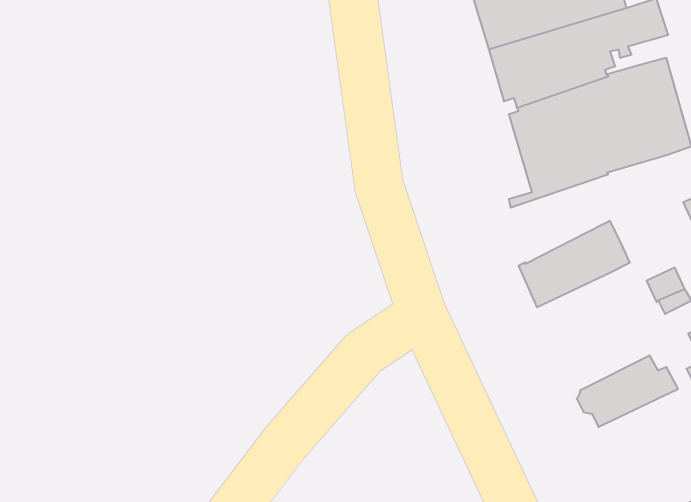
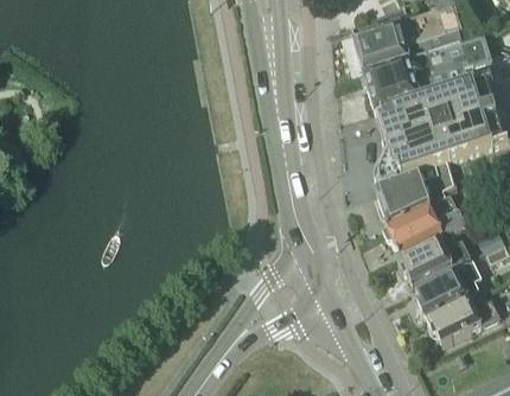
building: none -> [376,161,455,225]
building: none -> [397,231,471,285]
building: none -> [416,261,482,315]

